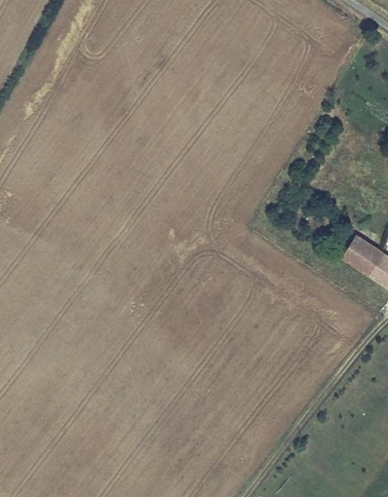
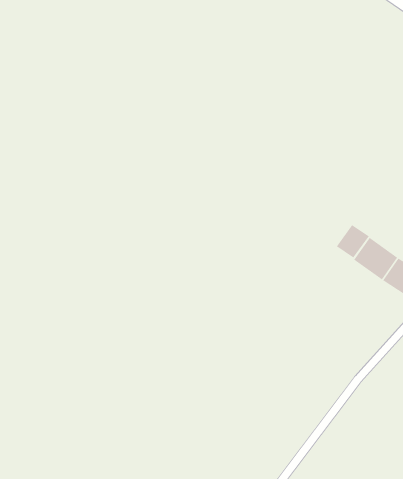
building: none -> [336,224,370,259]

